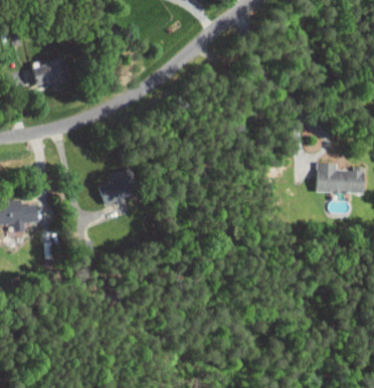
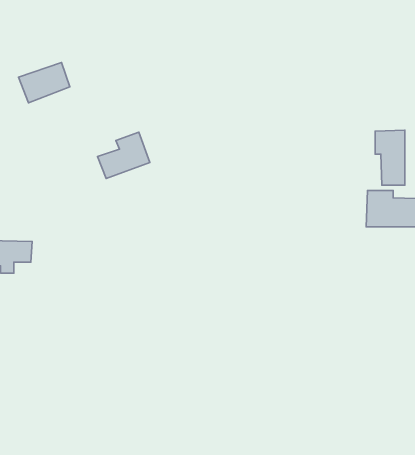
building: none -> [375,130,405,185]
building: [98,166,141,204] -> [97,132,150,178]

